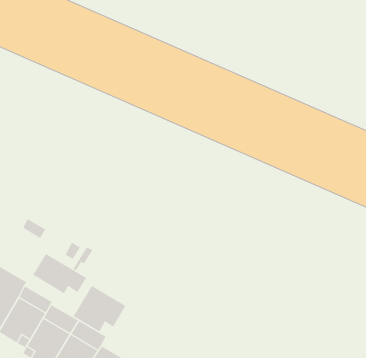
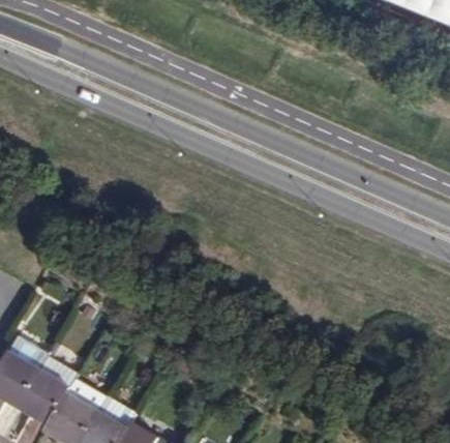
building: [33,253,87,294] -> none
building: [73,285,126,333] -> none

